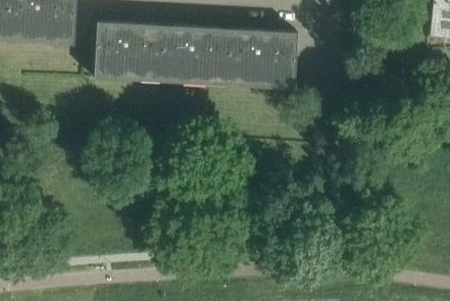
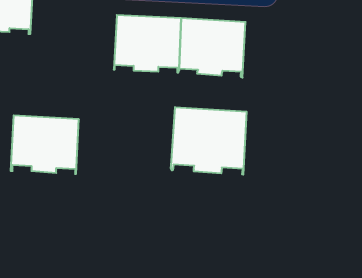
building: [93,21,163,82] -> [11,115,79,174]
building: none -> [171,107,247,175]

